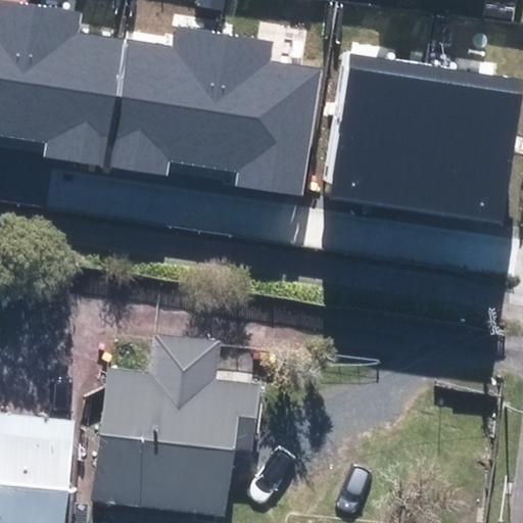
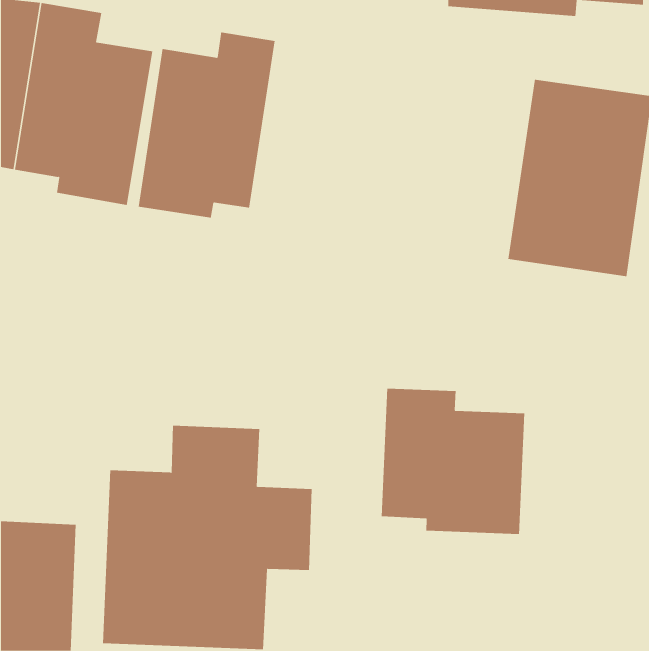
building: [202,33,323,194] -> none
building: [324,51,430,207] -> none
building: none -> [381,388,525,535]

